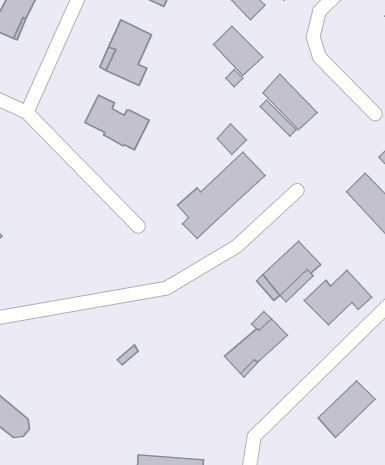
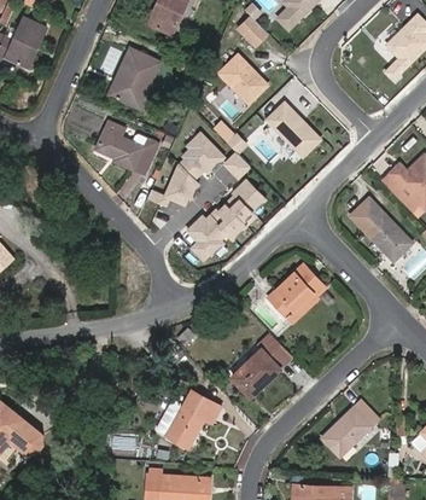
building: none -> [147,134,224,207]
building: [304,270,372,325] -> none
building: none -> [154,390,220,447]

